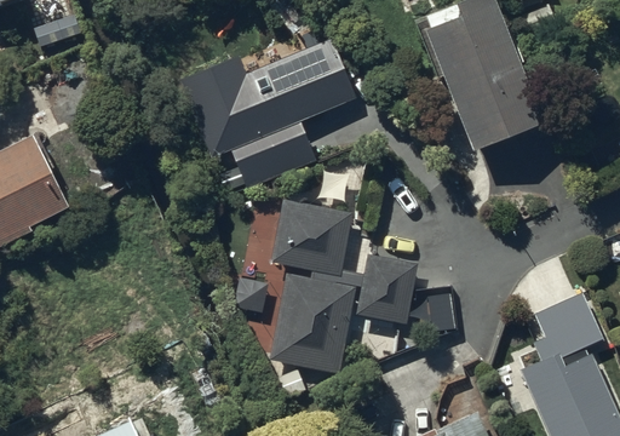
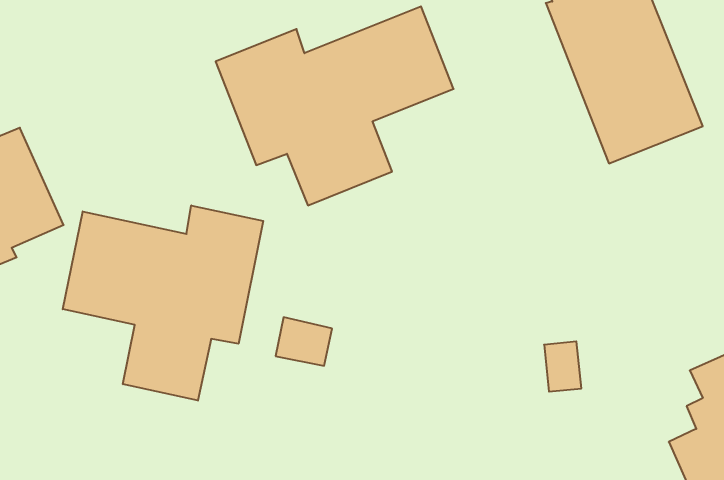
building: none -> [63,205,263,401]
building: [270,196,420,372] -> none

